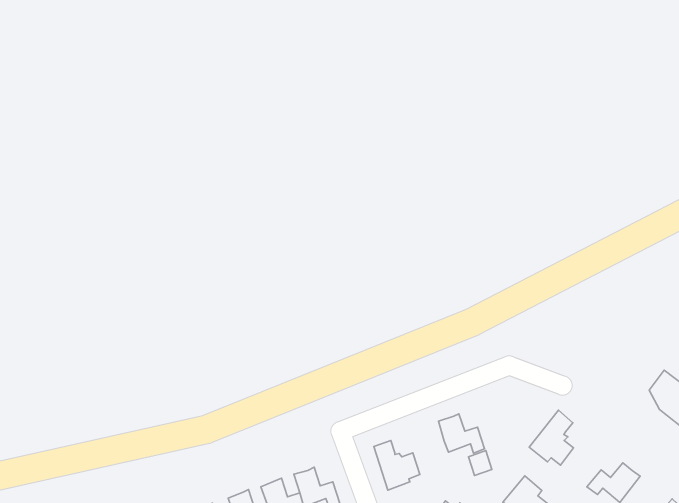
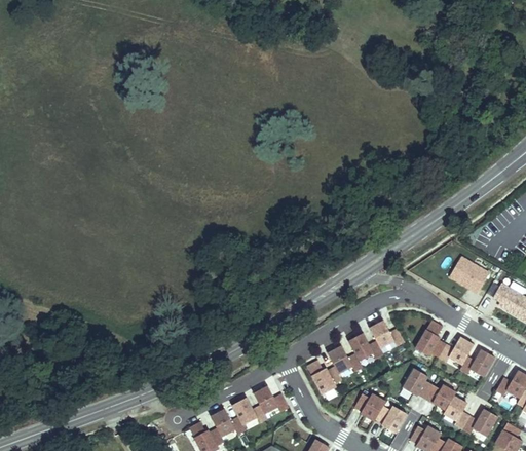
building: none -> [445,253,491,294]
building: none -> [370,321,405,348]
building: none -> [329,345,364,373]
building: none -> [439,337,475,365]

